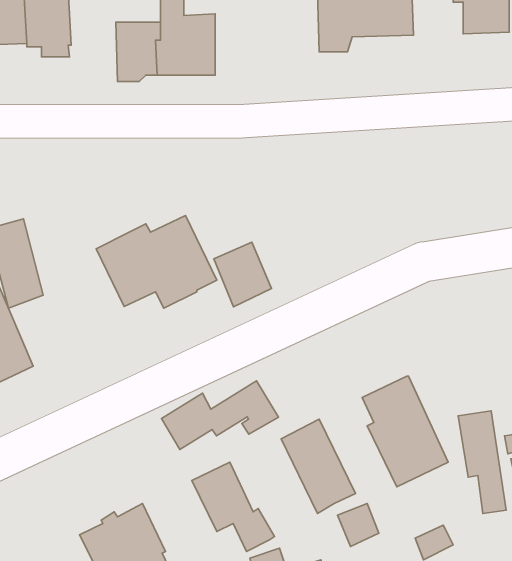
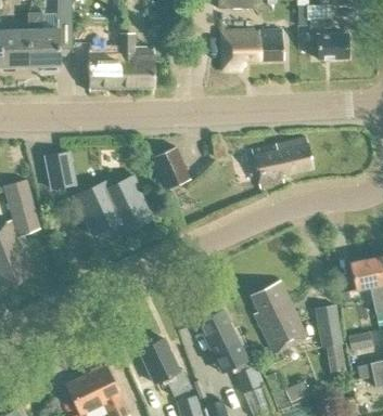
building: none -> [253,138,312,188]
building: none -> [46,152,76,188]
building: [214,242,272,307] -> [151,147,189,190]
building: [162,381,278,450] -> none

